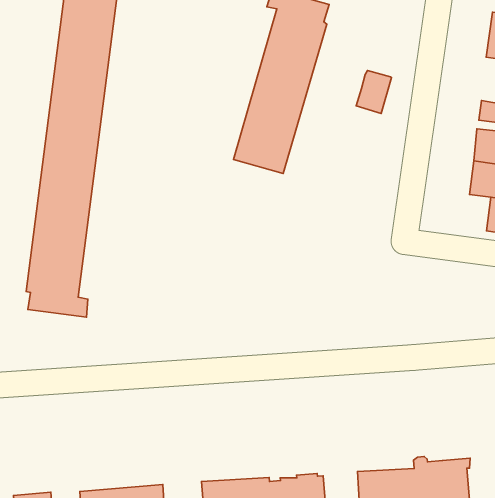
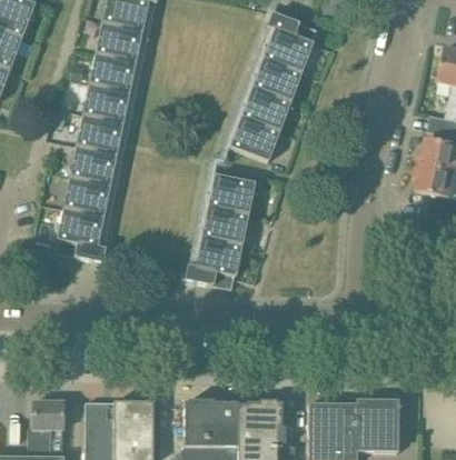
building: [356,70,391,113] -> none
building: none -> [185,174,255,289]

